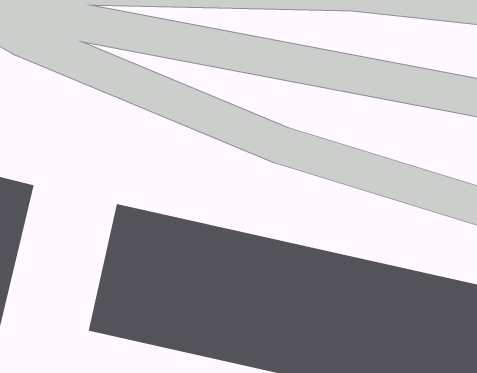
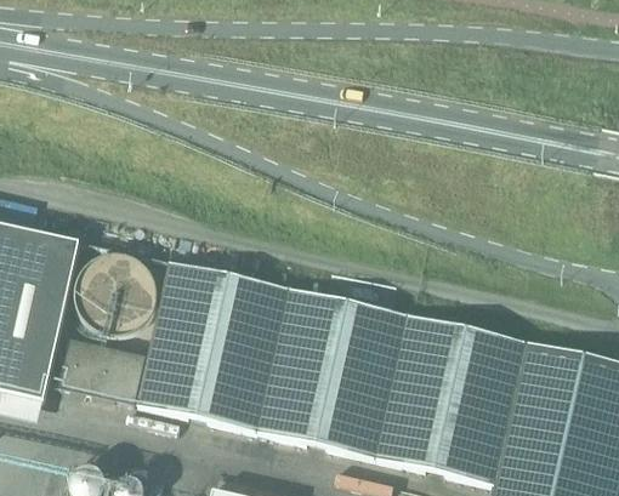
building: none -> [74,252,155,333]
building: none -> [61,337,146,403]

